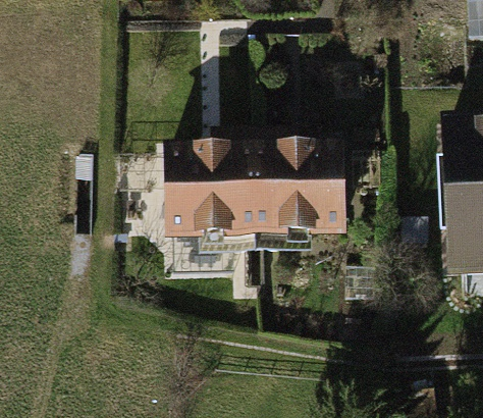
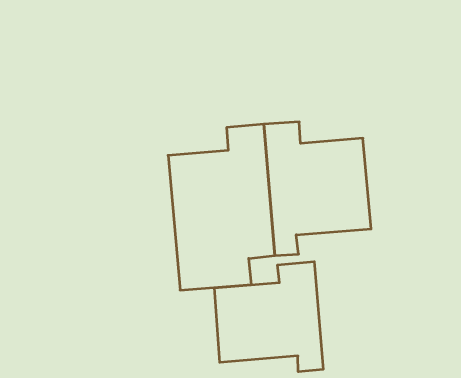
building: none -> [214,262,323,372]

